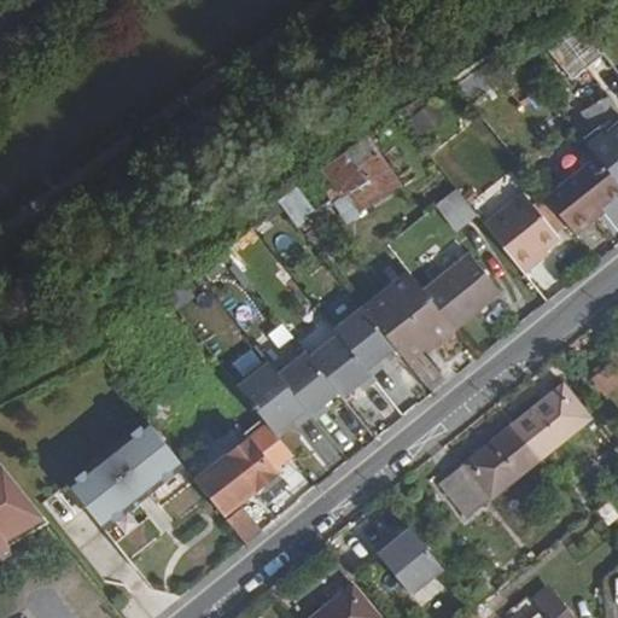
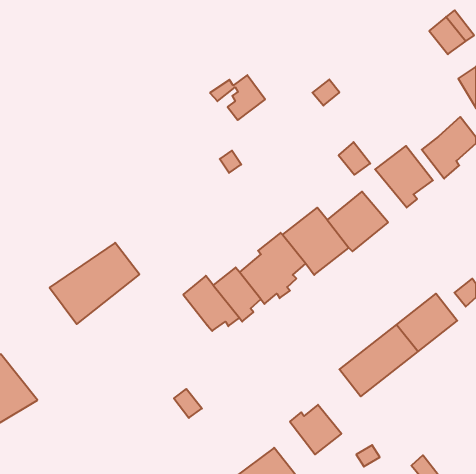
building: [316,144,387,202] -> [210,75,265,120]
building: [68,424,183,529] -> [50,243,139,324]
building: [196,425,296,515] -> none

